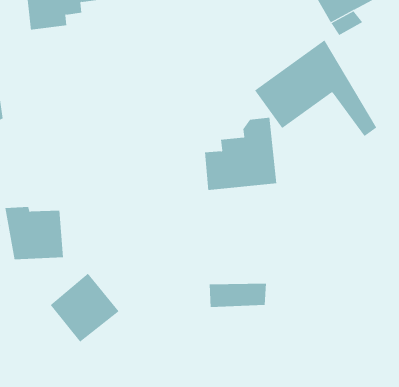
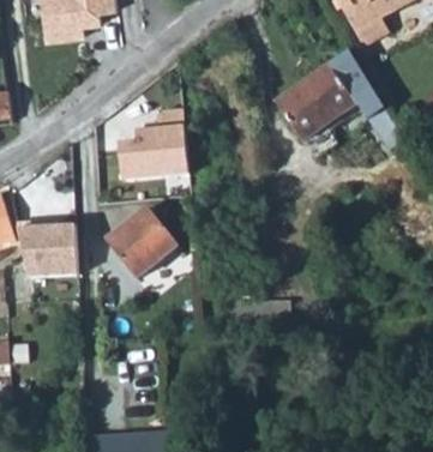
building: [204,117,277,190] -> [115,103,191,179]
building: [50,273,119,342] -> [107,206,179,278]

